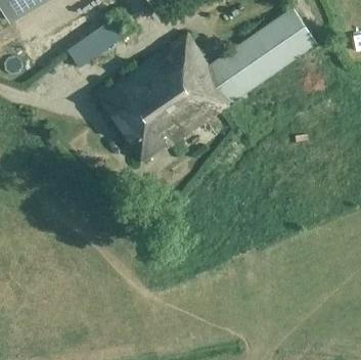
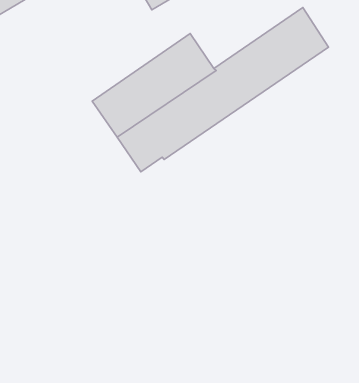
building: [66,21,120,69] -> none

